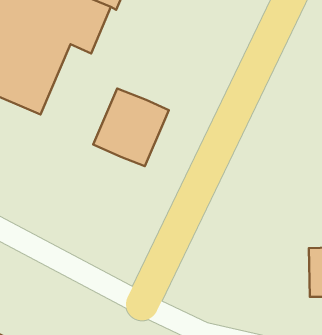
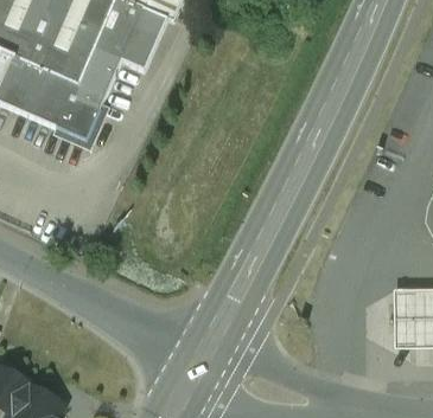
building: [93,89,169,166] -> none

